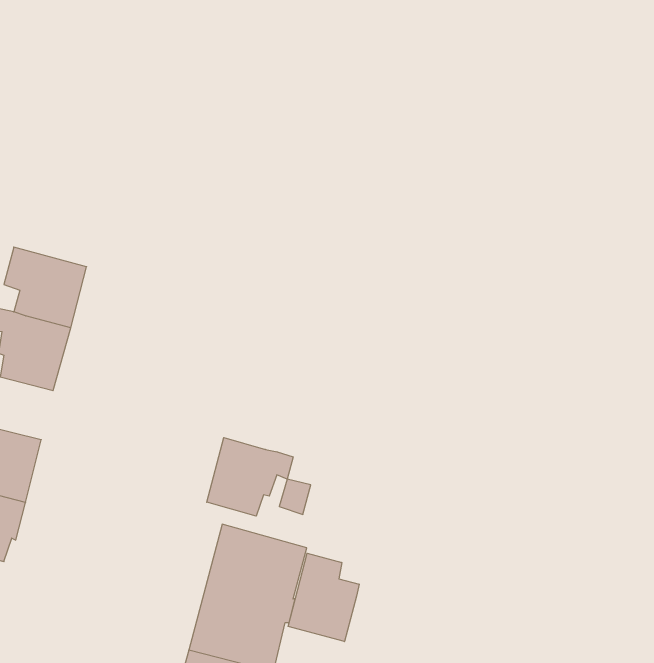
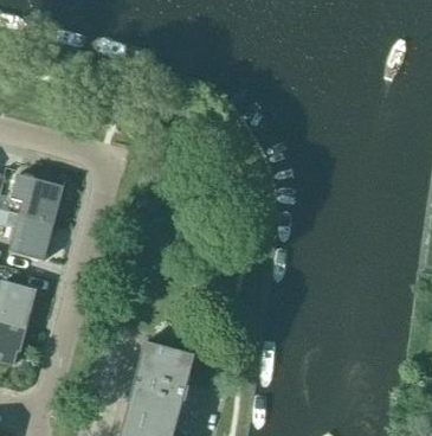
building: [207,438,293,516] -> none
building: [288,553,359,642] -> none

